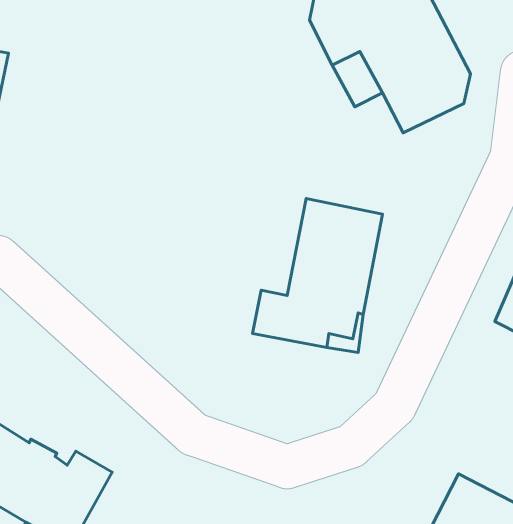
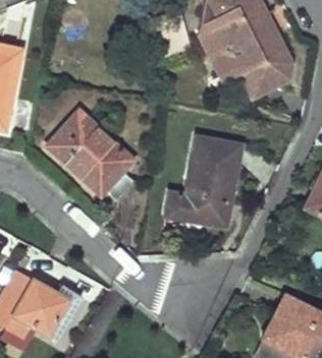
building: none -> [48,112,133,200]

